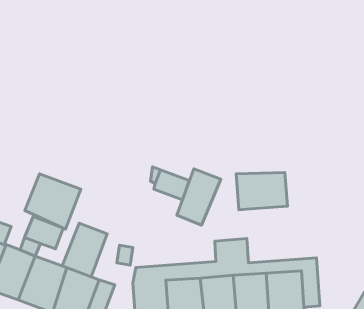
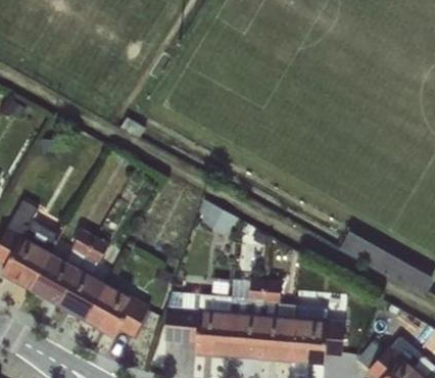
building: [177,169,221,225] -> none
building: [236,172,288,210] -> none
building: [25,174,81,229] -> none
building: [62,223,107,277] -> none

